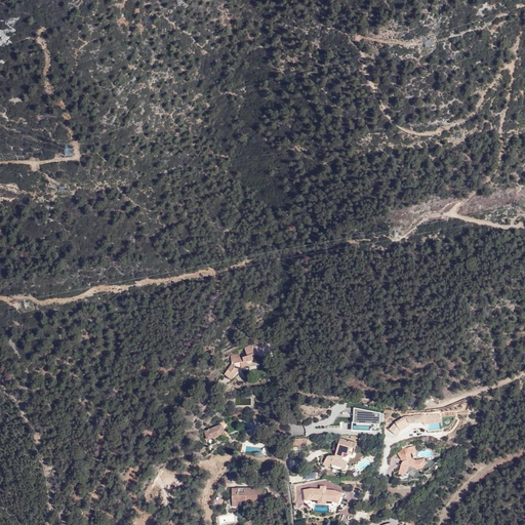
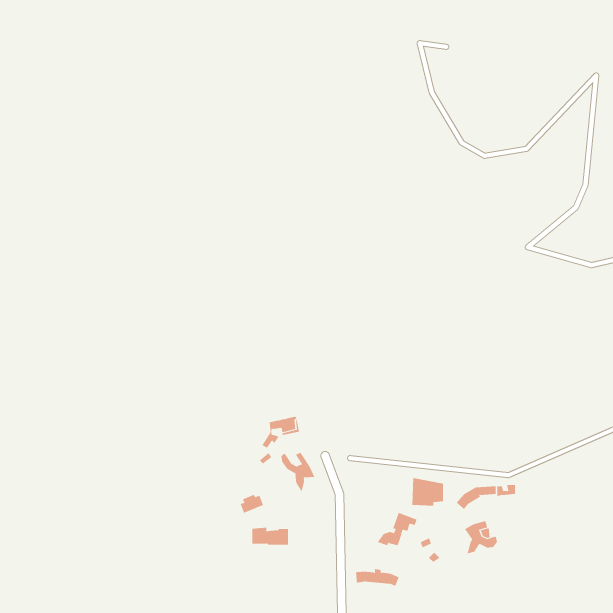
building: none -> [281,452,315,493]
building: [232,487,264,502] -> [252,527,289,545]

